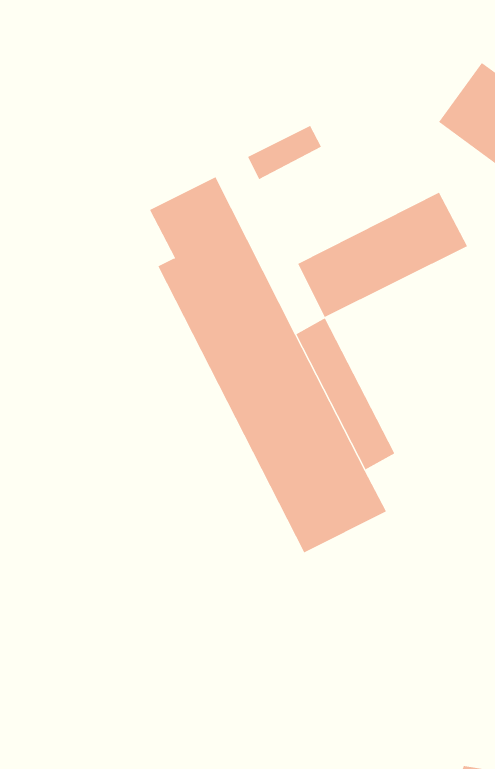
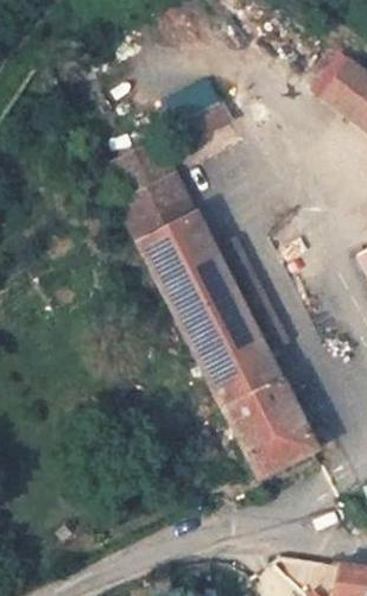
building: [298,192,468,318] -> none
building: none -> [220,378,315,477]

